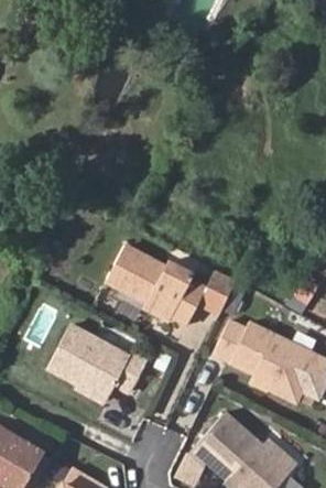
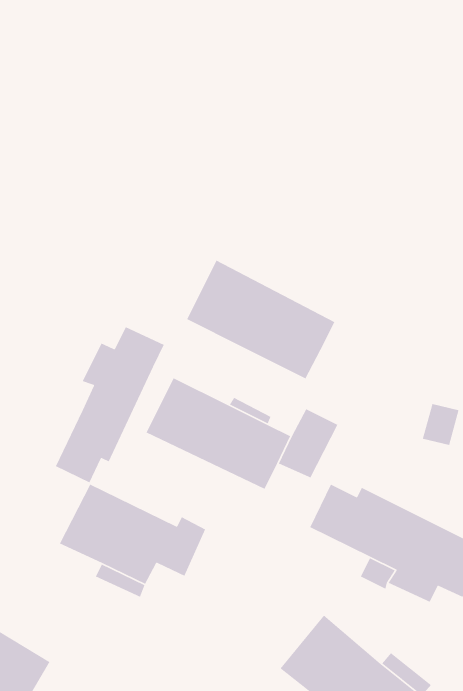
building: none -> [186,259,335,379]
building: none -> [55,326,165,483]

